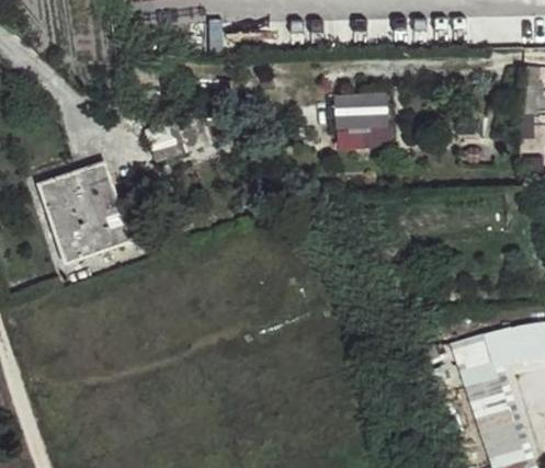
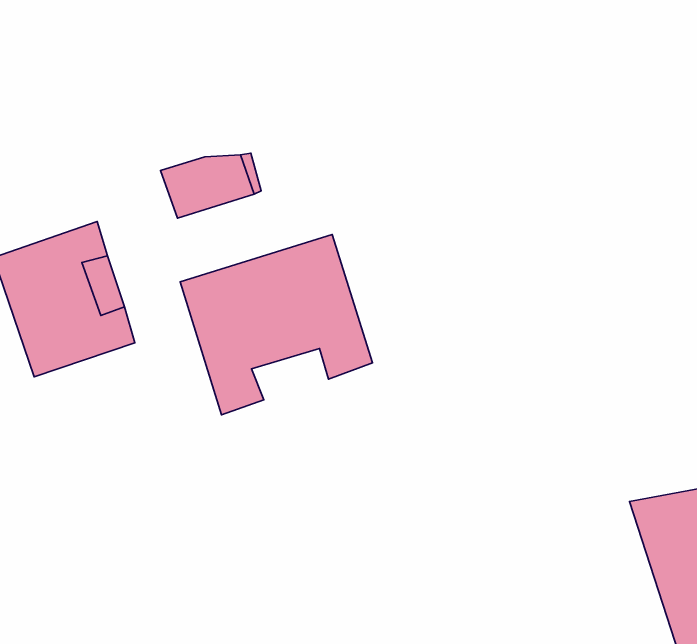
building: [340,88,397,147] -> none
building: none -> [180,235,373,415]

